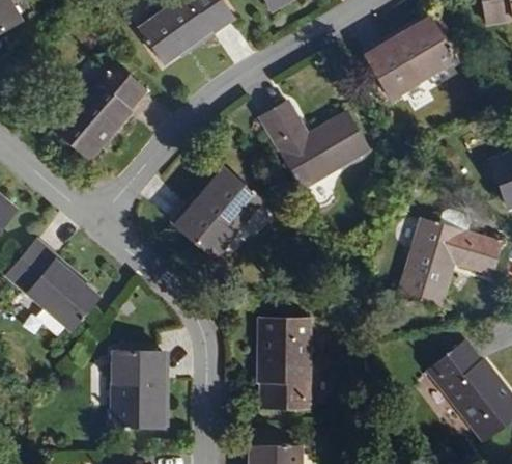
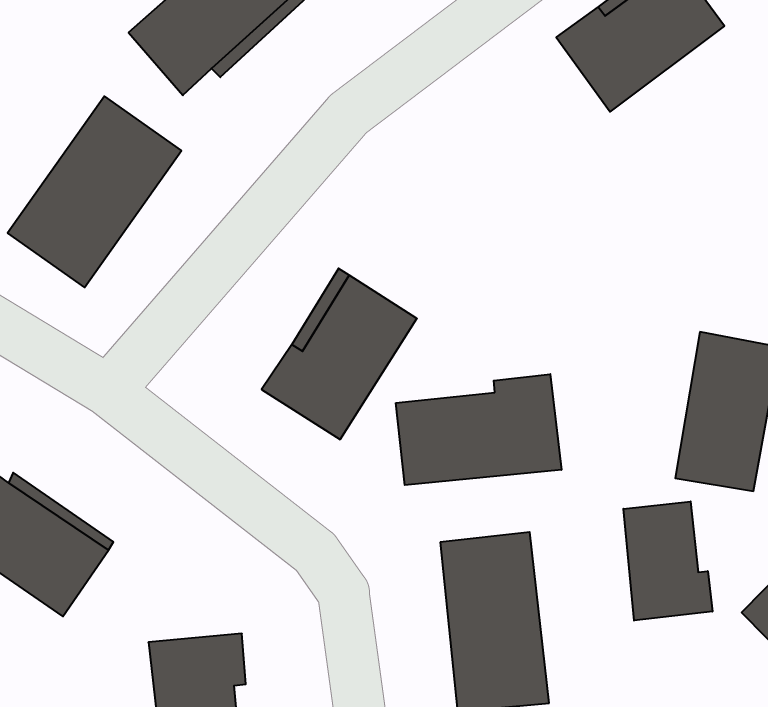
building: [265,95,373,182] -> none
building: none -> [396,374,561,485]
building: none -> [623,501,712,621]

